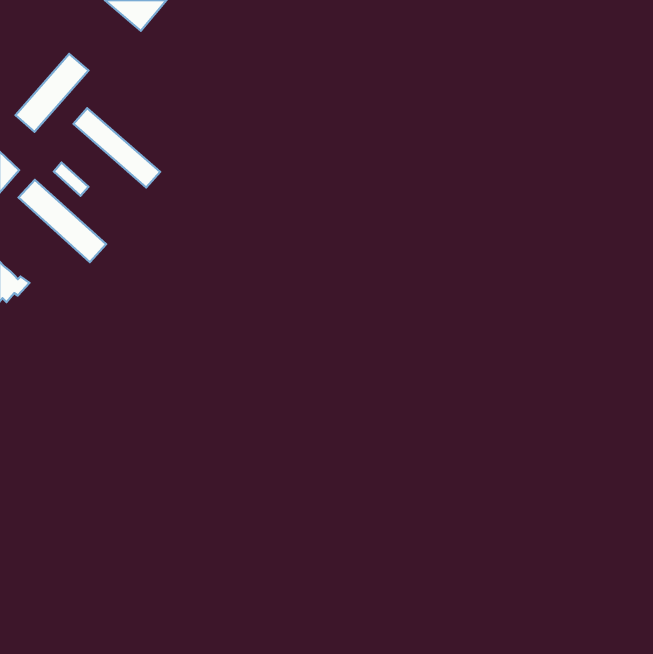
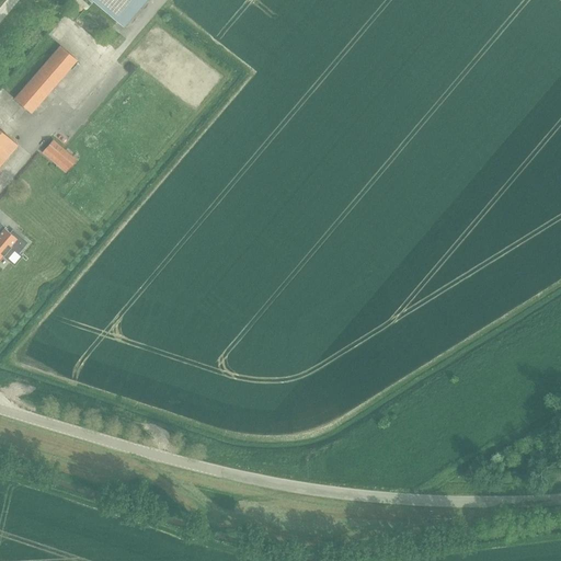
building: [74,108,160,187] -> none
building: [18,180,106,262] -> none

